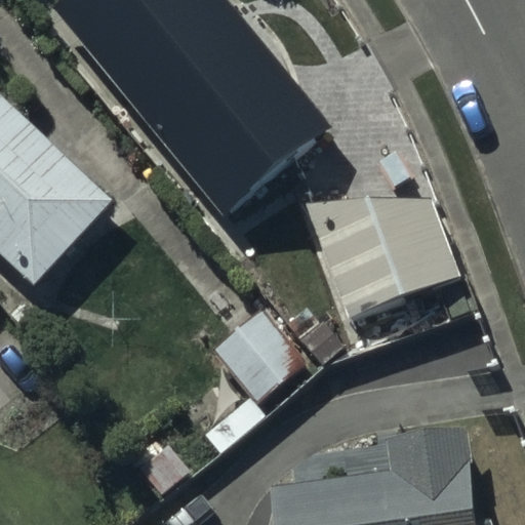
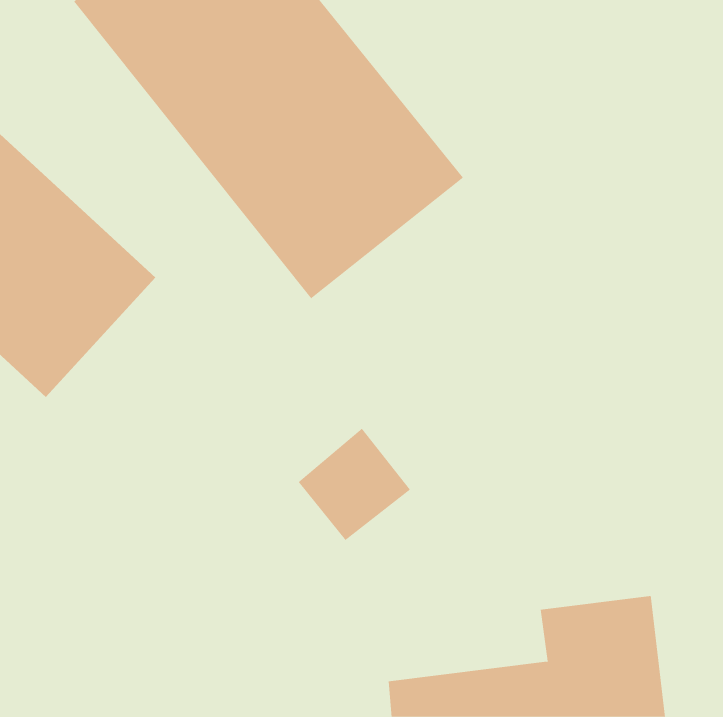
building: [305,198,459,318] -> none

